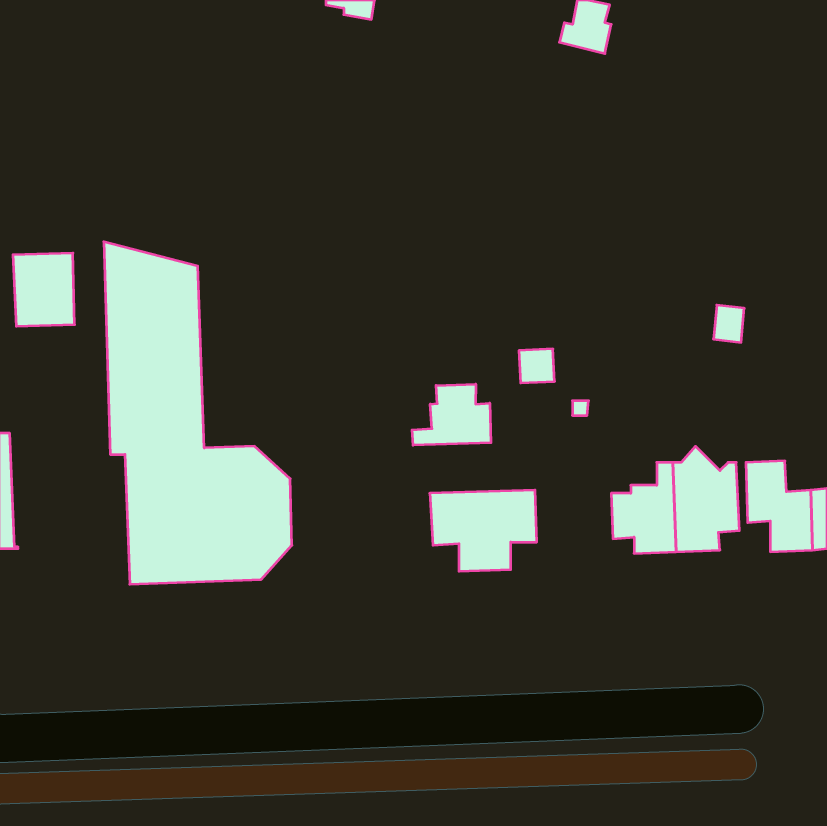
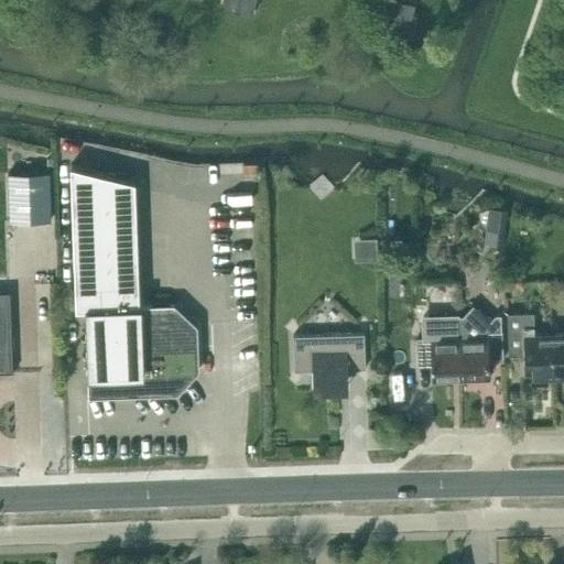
building: [412,384,491,445] -> none

